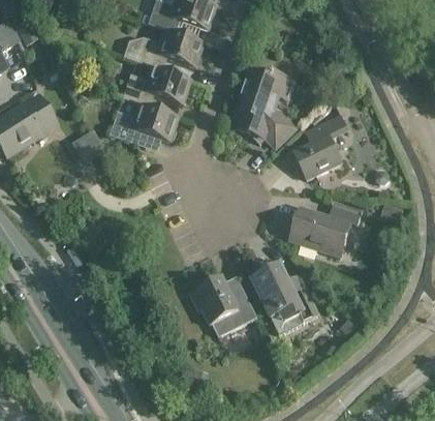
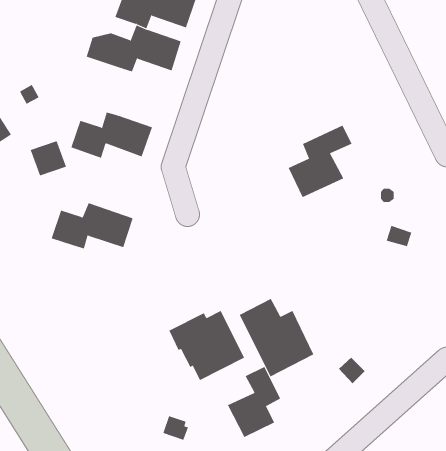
building: [120,66,191,107] -> [51,203,133,249]
building: [232,70,298,147] -> none
building: [291,203,363,257] -> none
building: none -> [227,366,281,438]

